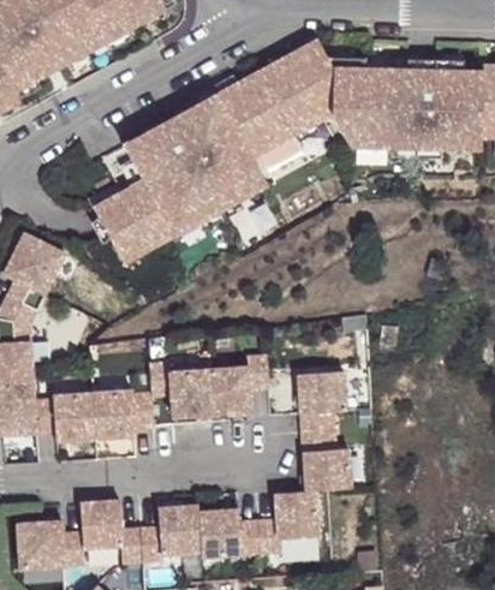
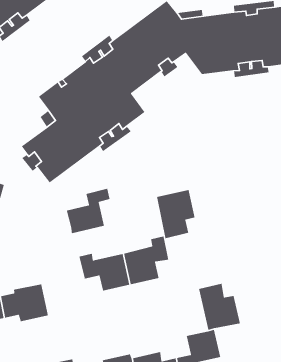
building: none -> [66,188,111,234]
building: [298,371,346,433] -> [156,189,196,239]
building: [93,389,151,436] -> none

